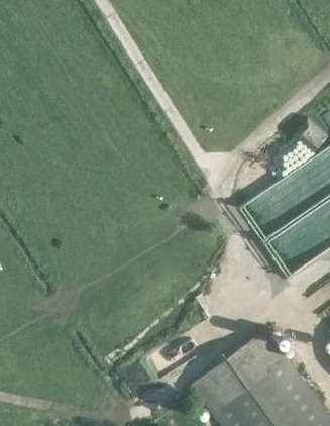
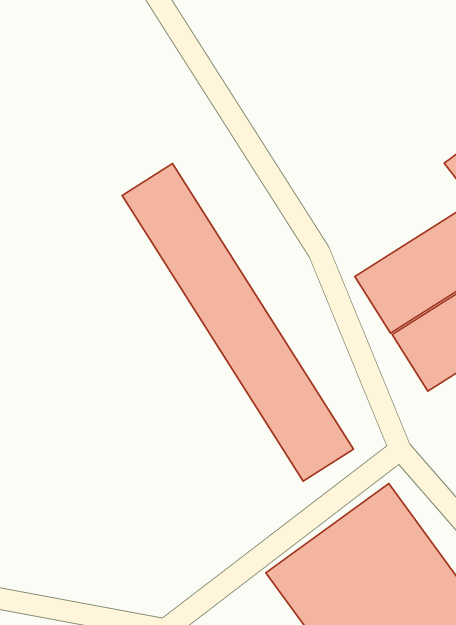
building: none -> [122,163,354,481]

